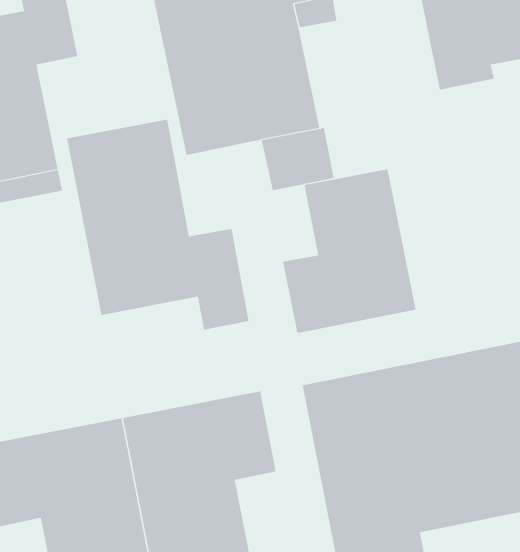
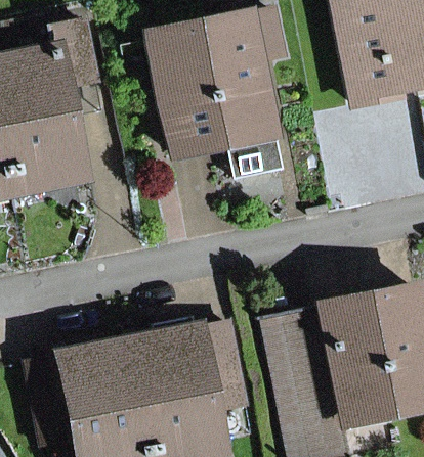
building: [66,119,249,330] -> none
building: [282,168,416,334] -> none

